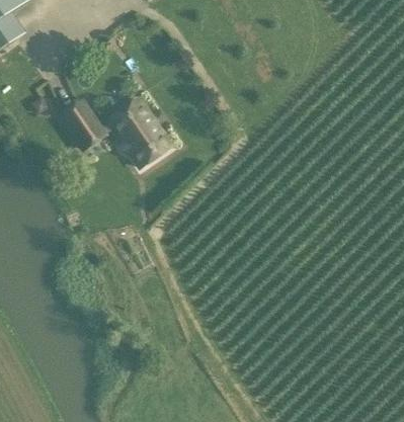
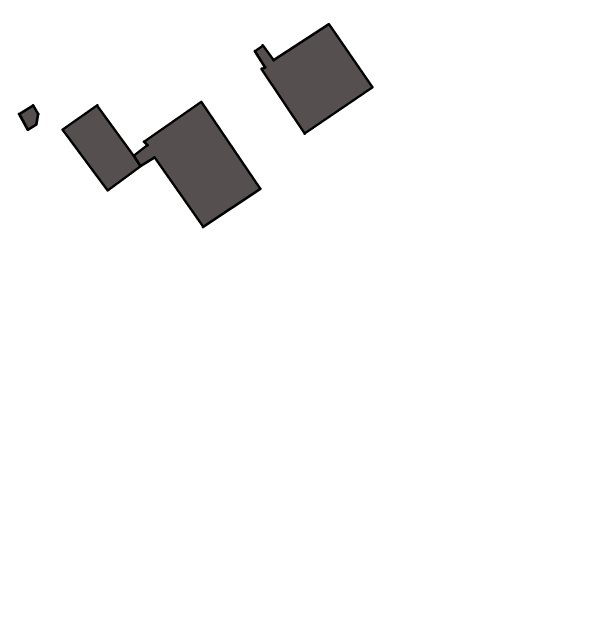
building: none -> [255,24,372,134]

